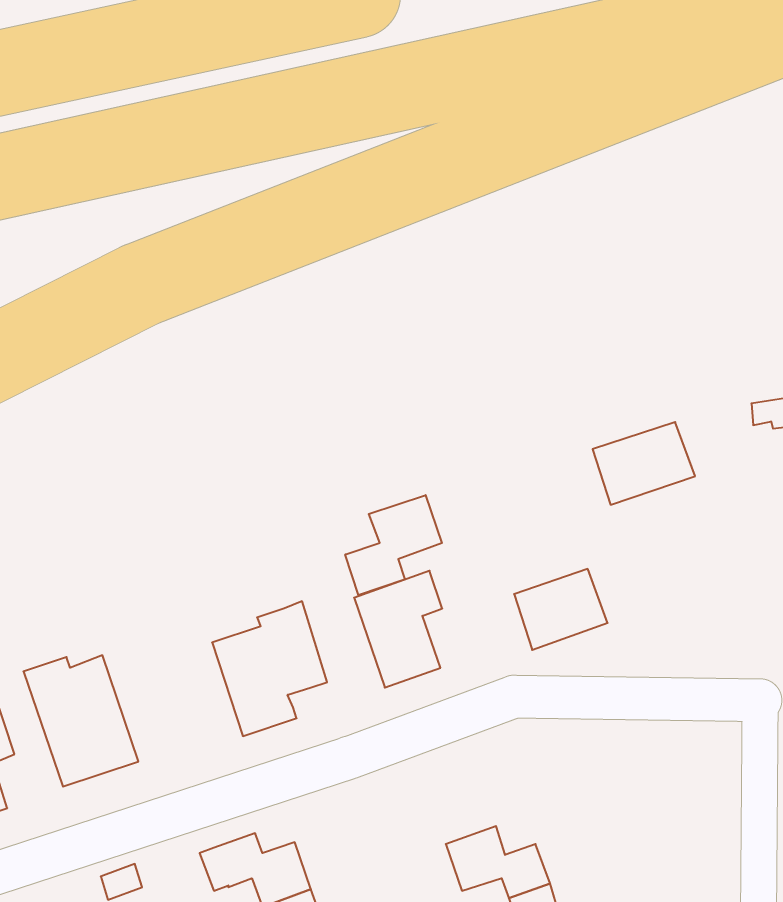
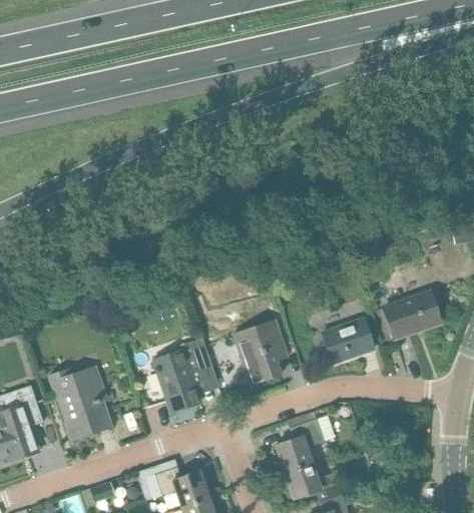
building: [593,422,695,505] -> [384,293,441,339]
building: [345,495,442,595] -> none
building: none -> [276,419,325,472]

